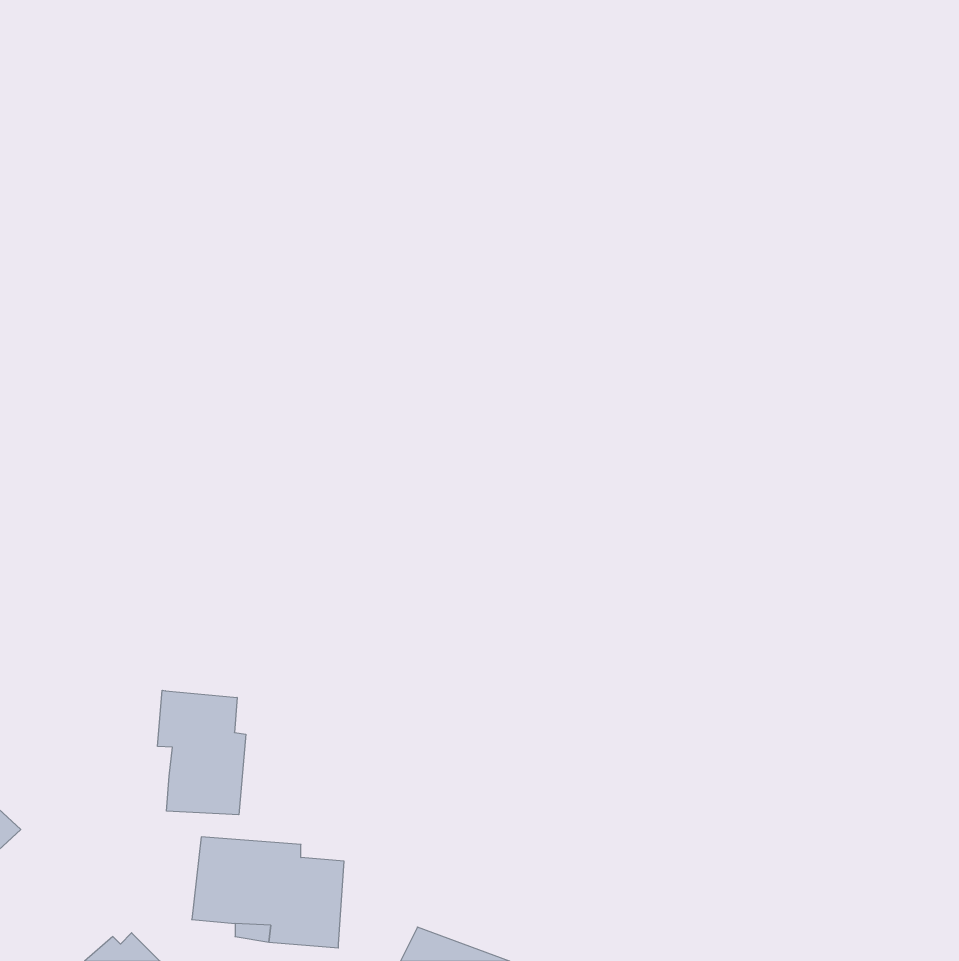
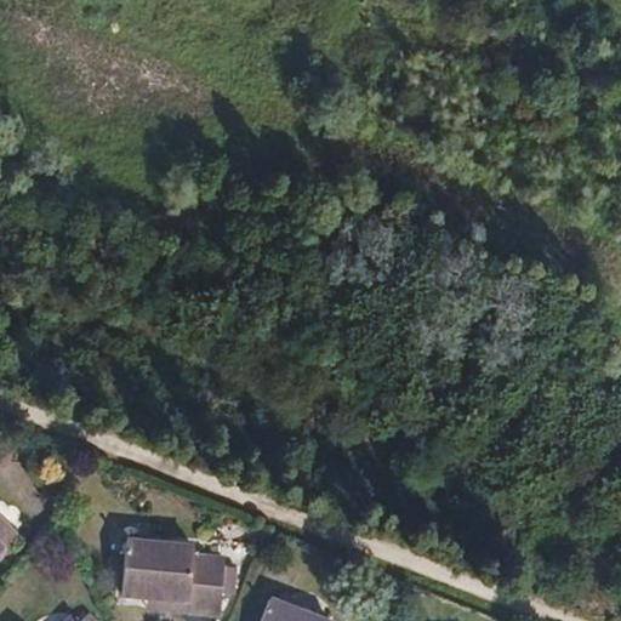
building: [158,690,246,815] -> none

